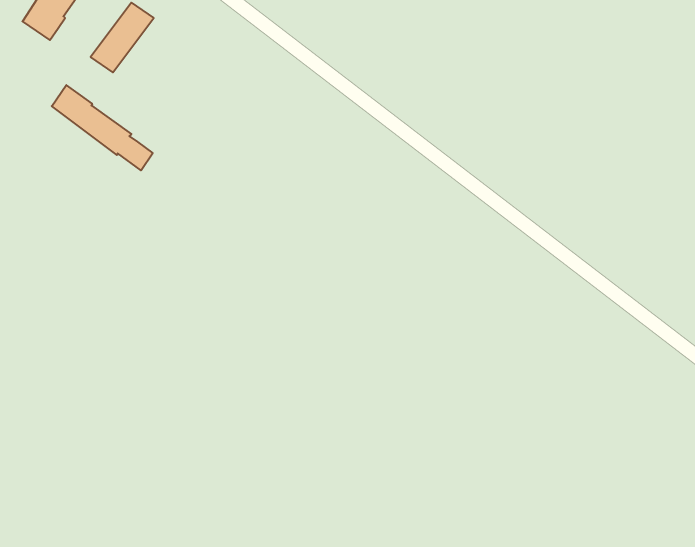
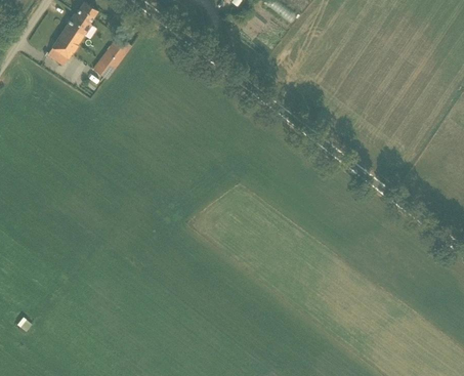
building: [52,85,153,170] -> none

